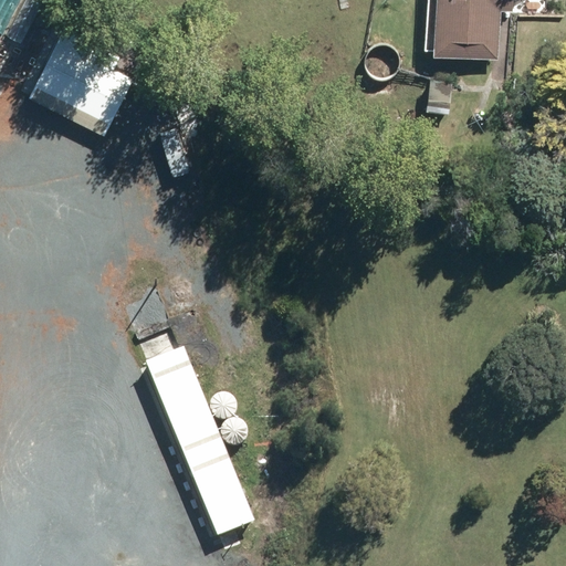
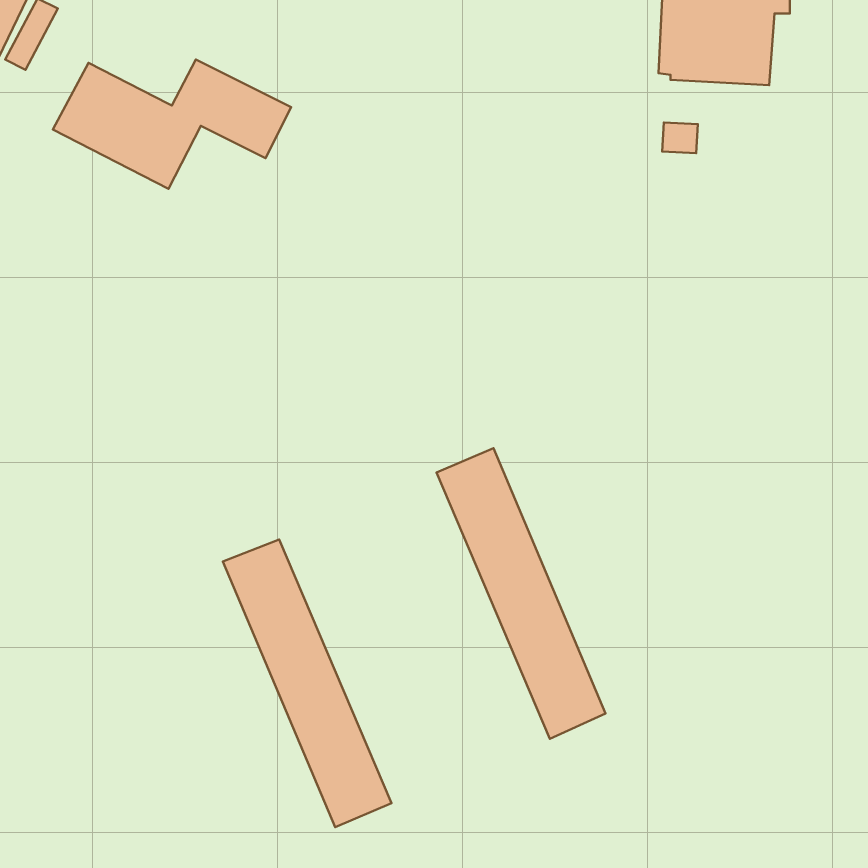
building: none -> [436,448,606,739]

